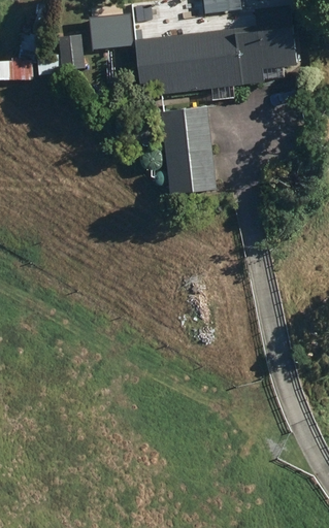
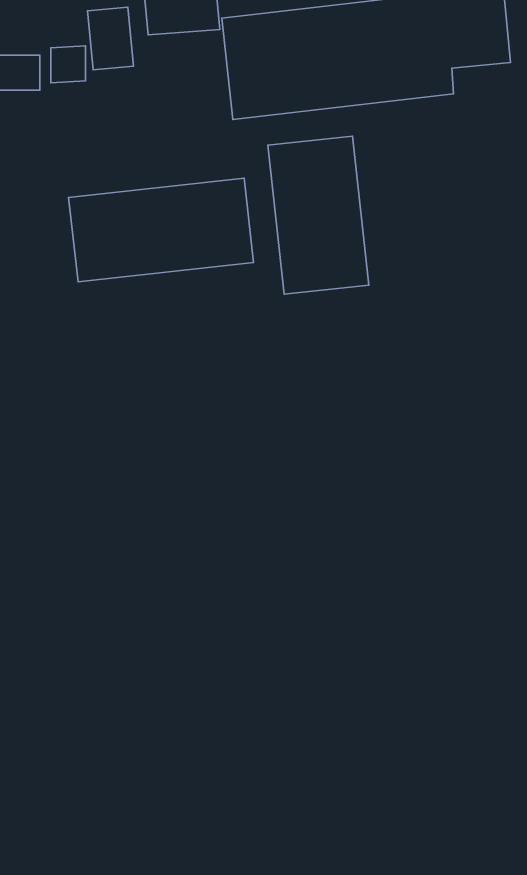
building: none -> [69,178,254,282]

